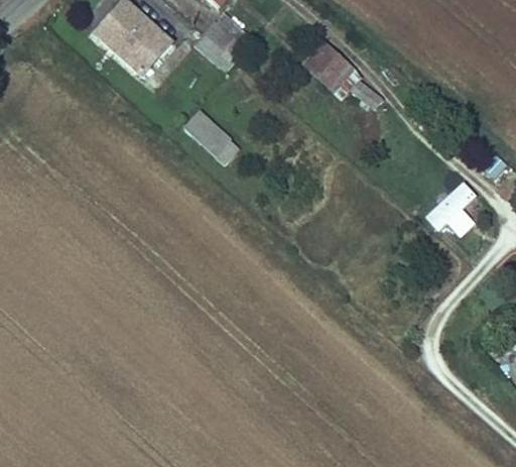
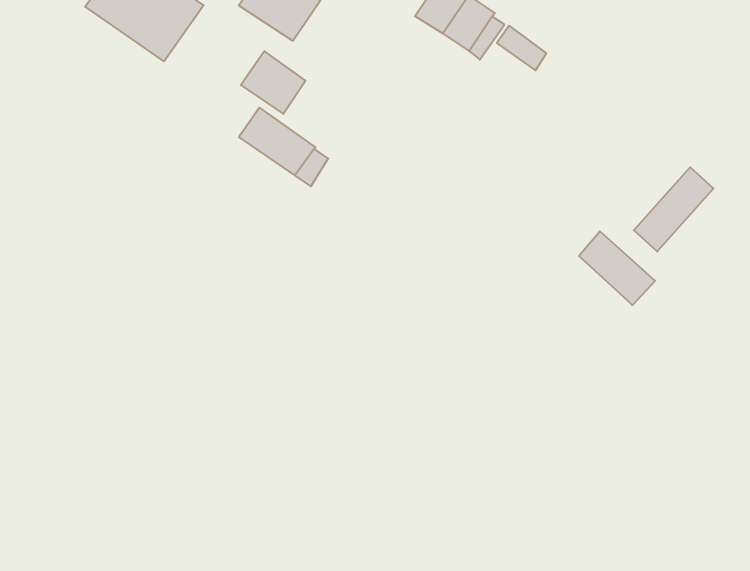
building: none -> [241,51,305,114]
building: none -> [579,231,655,305]

